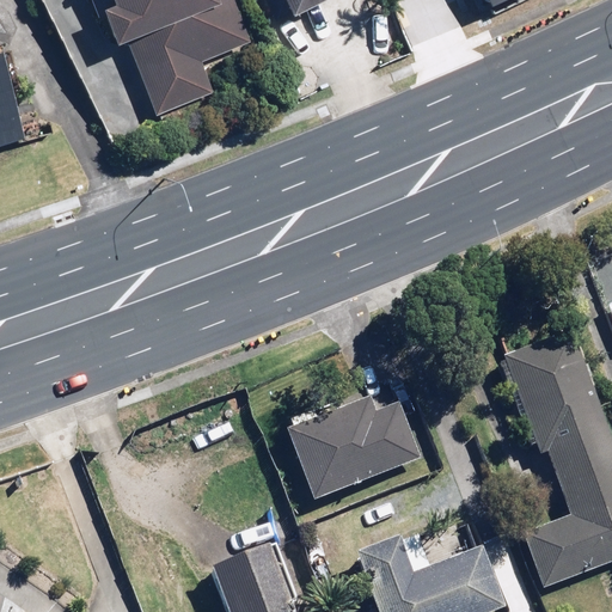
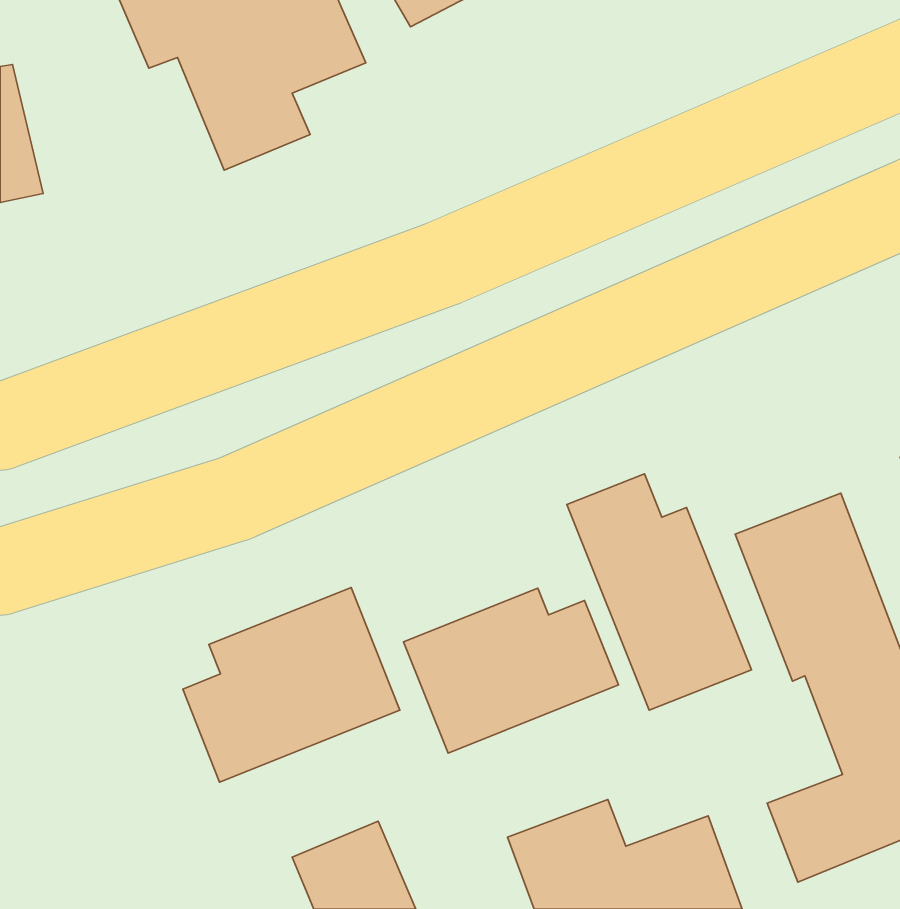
building: none -> [567,474,751,710]
building: none -> [183,587,400,782]

